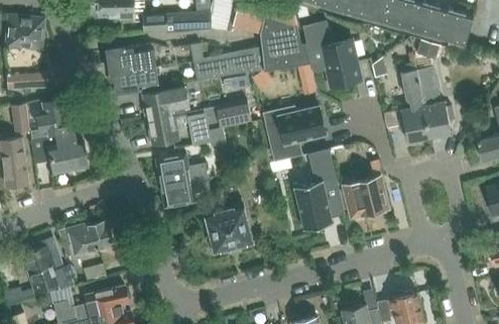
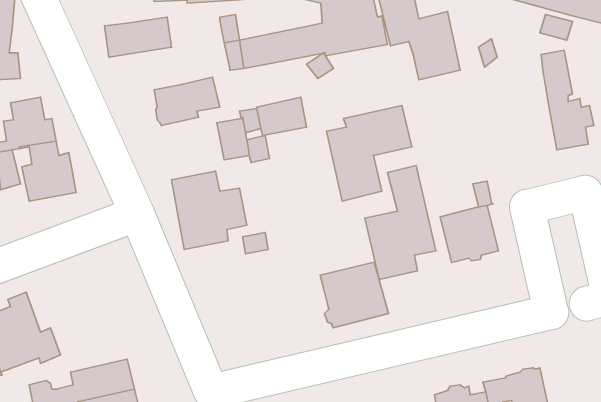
building: [400,62,428,141] -> none
building: [111,65,158,92] -> none
building: [148,114,179,144] -> none
building: [205,206,253,252] -> [320,262,389,328]
building: [59,223,114,256] -> none

